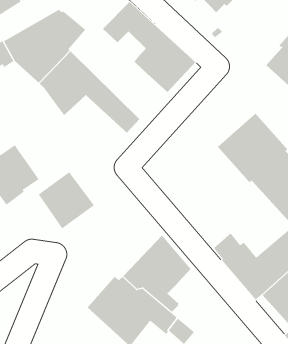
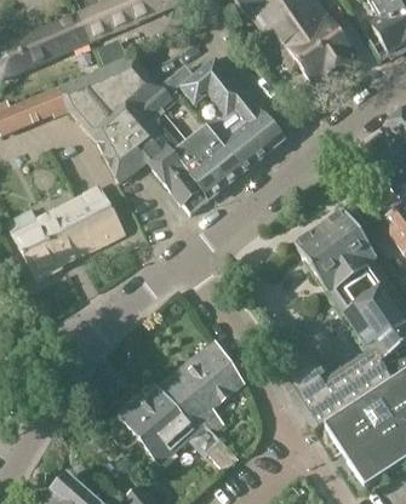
building: none -> [136,82,238,197]
building: [38,172,95,229] -> [57,185,122,252]

